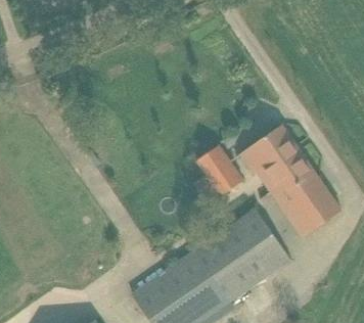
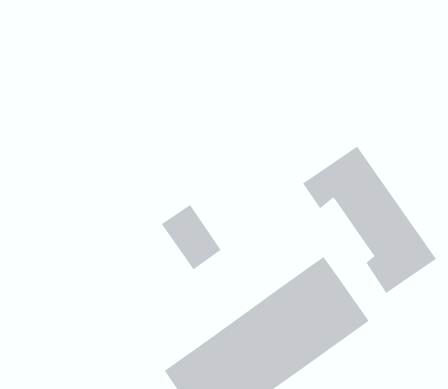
building: [196,145,242,195] -> [161,204,221,270]

